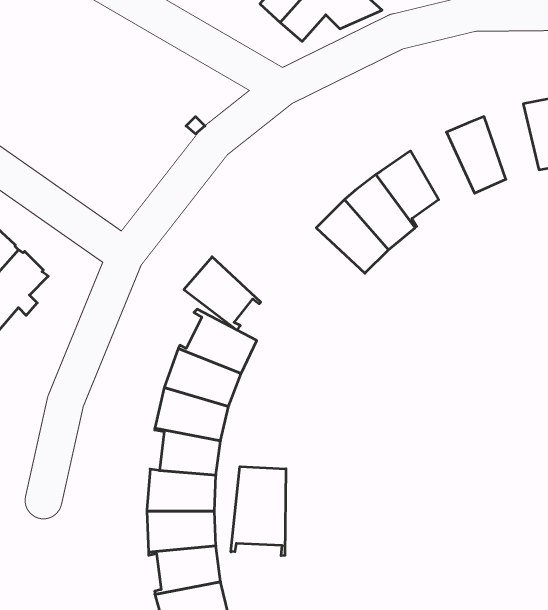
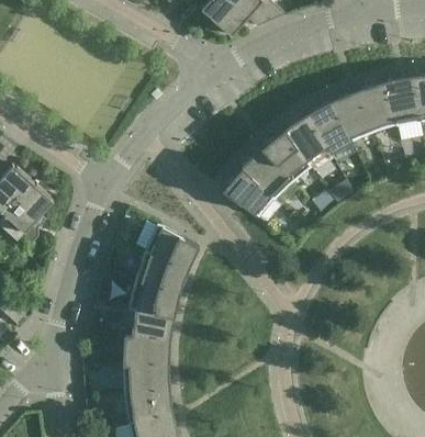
building: none -> [358,80,396,133]
building: none -> [306,100,351,153]
building: [184,257,261,330] -> [221,167,275,219]
building: [231,467,286,556] -> none

